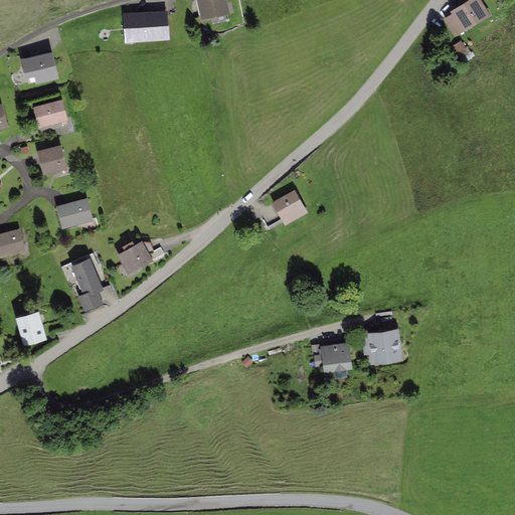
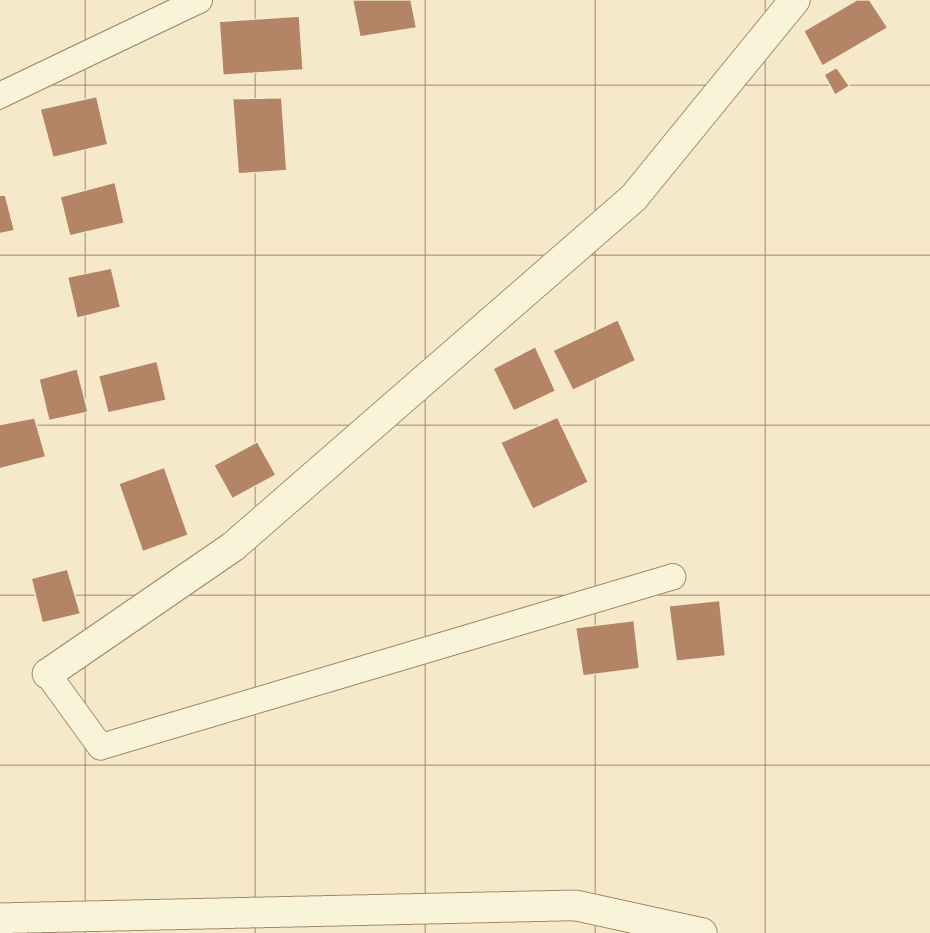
building: none -> [233,98,286,174]
building: none -> [553,320,636,390]
building: none -> [39,369,88,421]
building: none -> [501,417,588,509]

